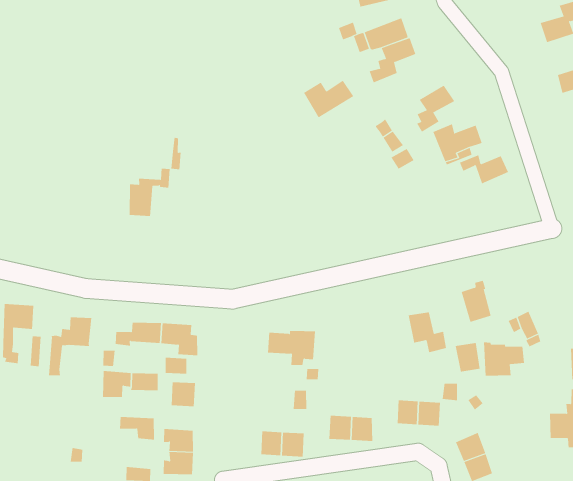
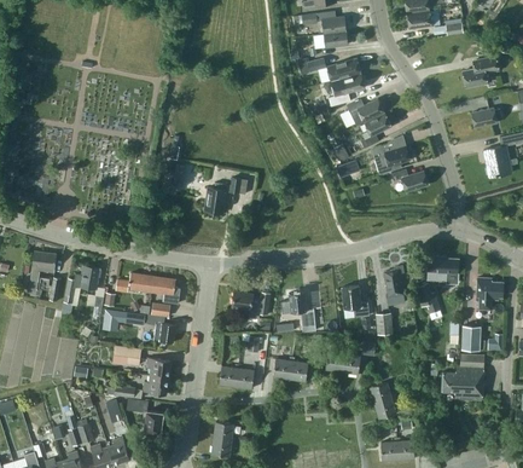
building: [303,80,354,118] -> [345,98,384,126]
building: [129,168,170,216] -> [204,177,239,213]
building: none -> [287,291,315,331]
building: [483,342,525,376] -> [426,253,458,281]

